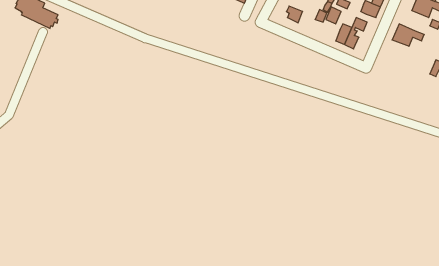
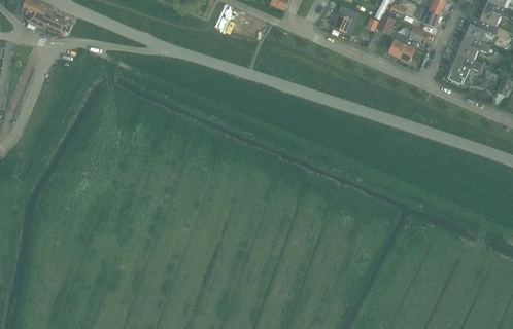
building: none -> [463,15,499,41]
building: none -> [446,51,483,85]

